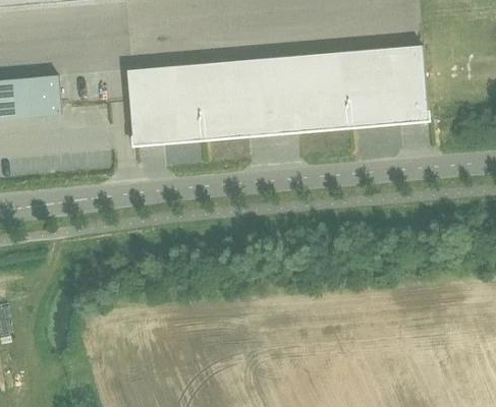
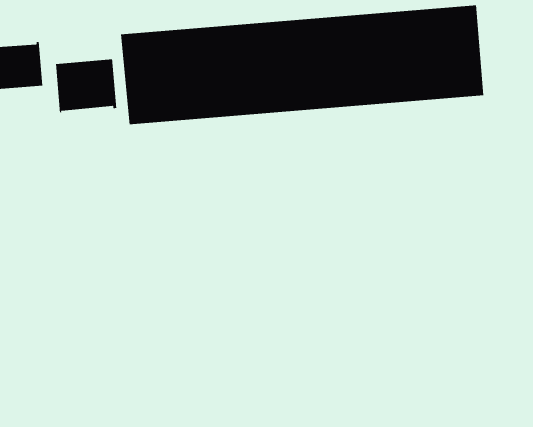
building: none -> [55,59,117,113]

